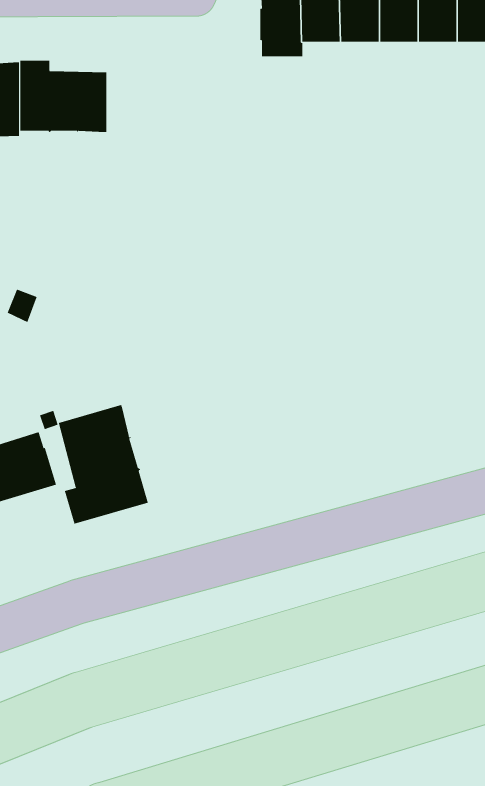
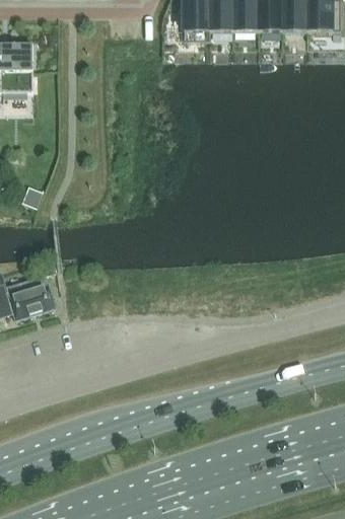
building: [20,60,107,133] -> none
building: [58,404,149,525] -> none

